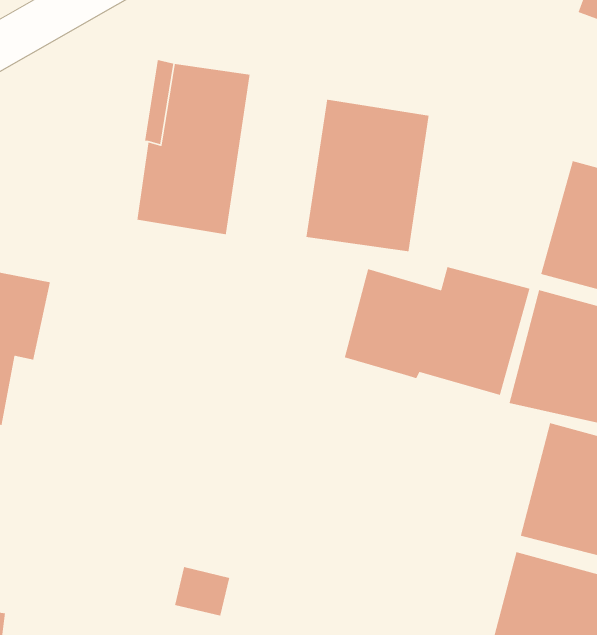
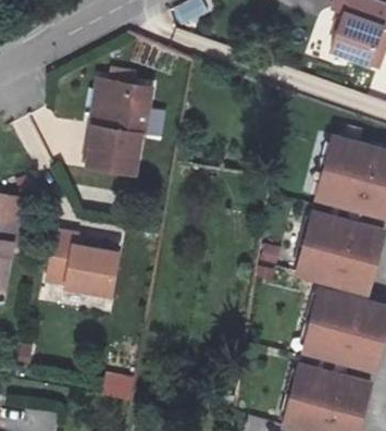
building: [305,99,430,252] -> none
building: [344,266,531,396] -> none
building: none -> [45,234,115,296]

